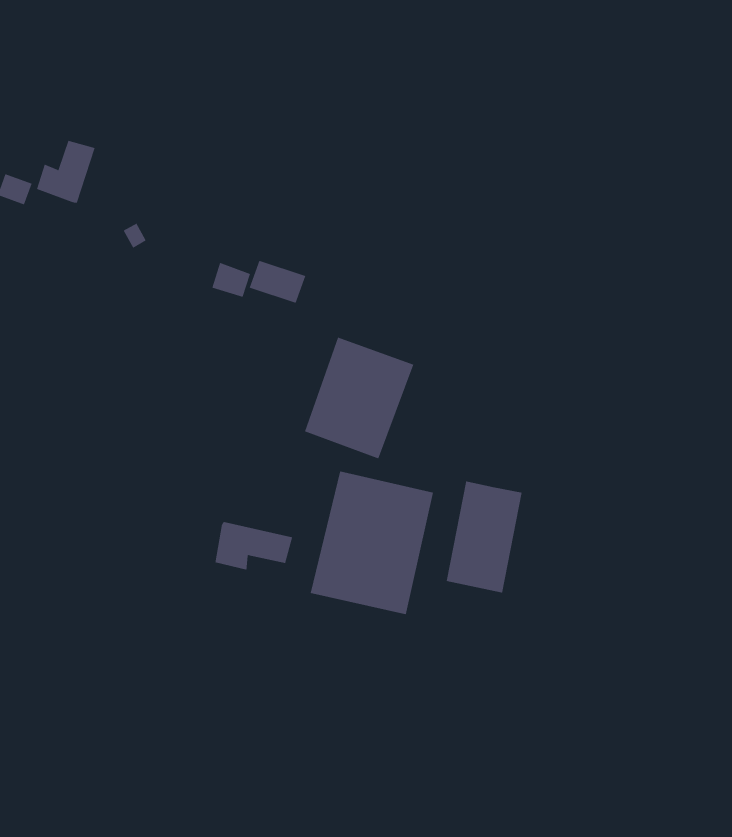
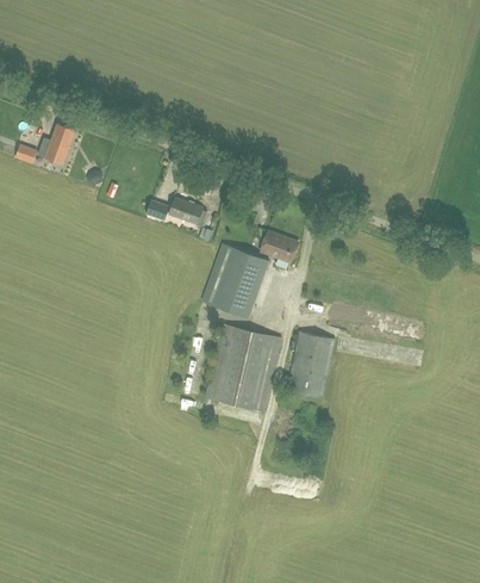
building: none -> [258,230,297,261]
building: [215,521,293,570] -> none

